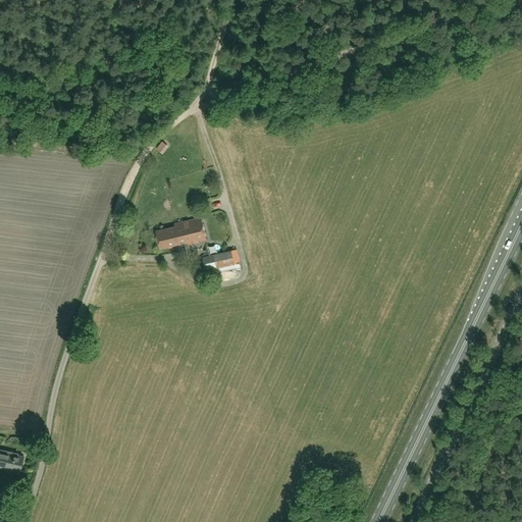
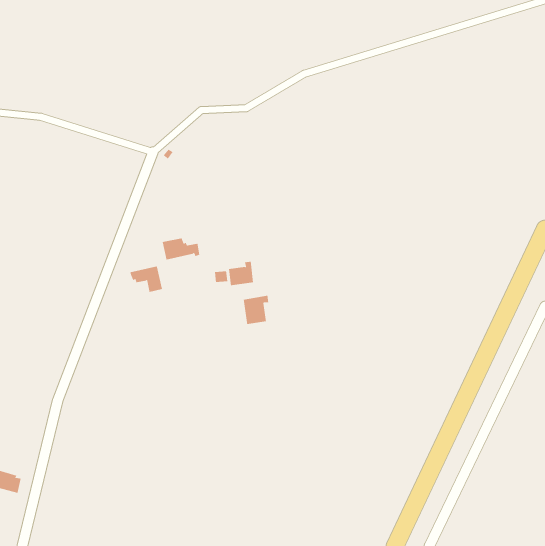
building: [172,217,204,243] -> [130,266,163,293]
building: none -> [243,295,269,325]

